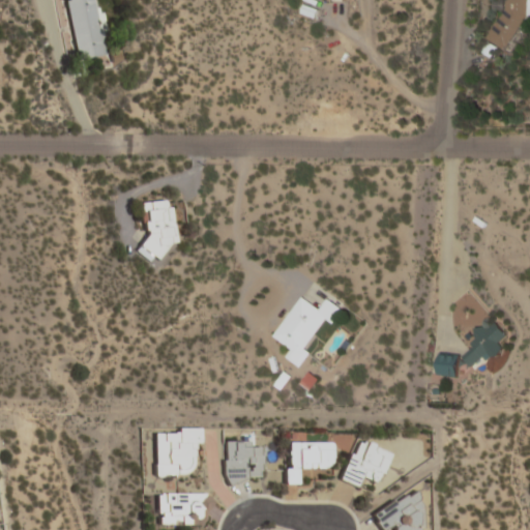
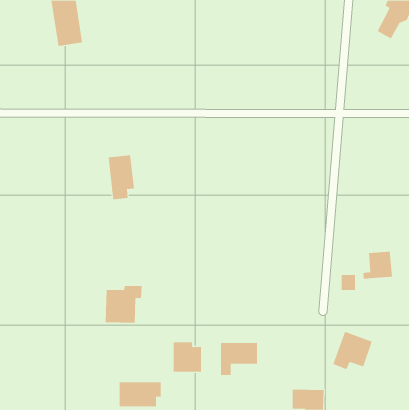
building: [276,296,345,367] -> none
building: [152,428,201,476] -> [105,286,143,323]
building: [341,438,392,488] -> [332,331,373,370]

